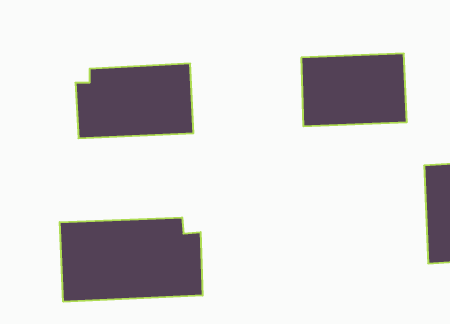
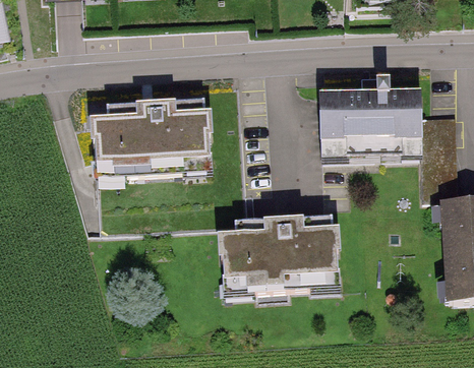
building: none -> [220,217,338,291]
building: [60,217,203,302] -> none

